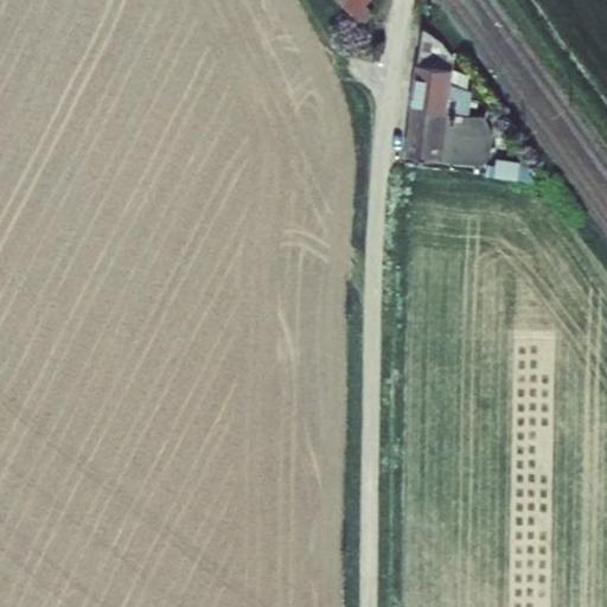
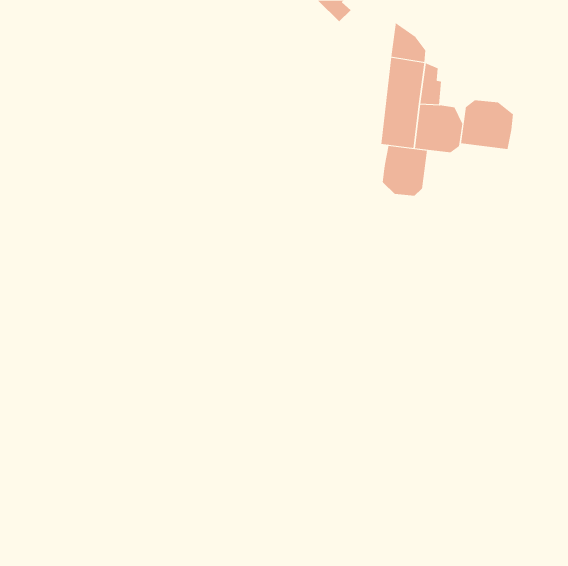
building: none -> [461,99,514,150]
building: none -> [382,145,427,196]

